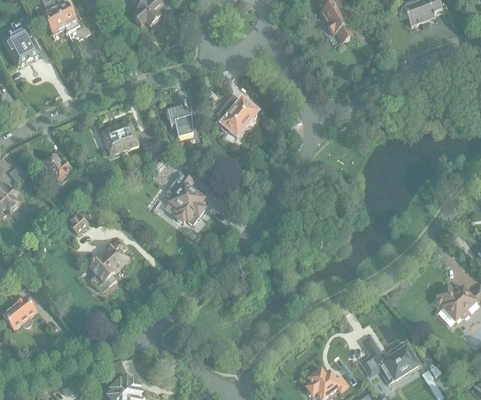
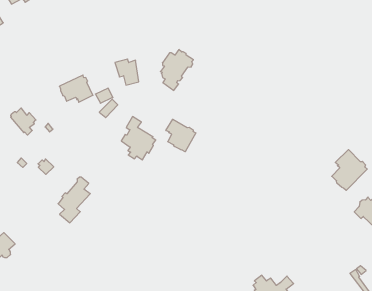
building: none -> [166,119,196,152]
building: none -> [332,150,367,190]
building: [360,338,417,382] -> none

